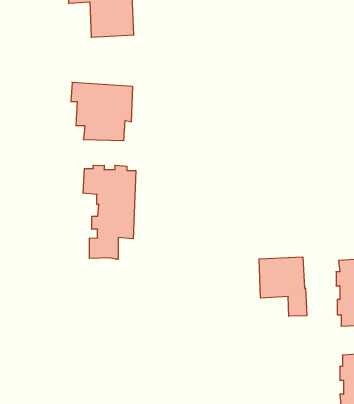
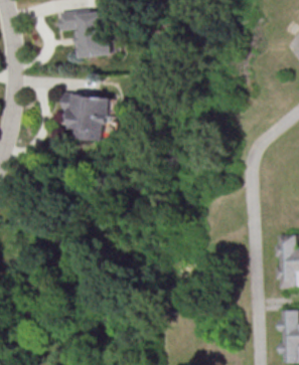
building: [83,165,136,259] -> none
building: [259,257,307,316] -> none

